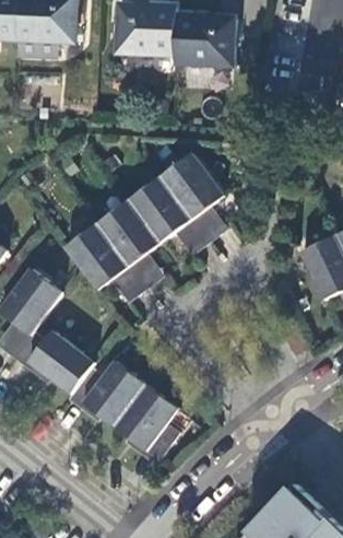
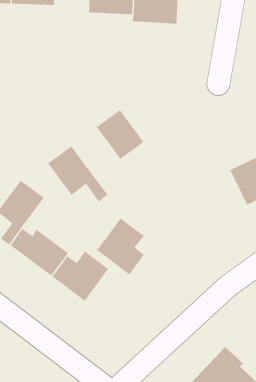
building: [159,153,223,243] -> none
building: [96,200,159,267] -> none
building: [114,385,177,460] -> [96,217,145,275]

